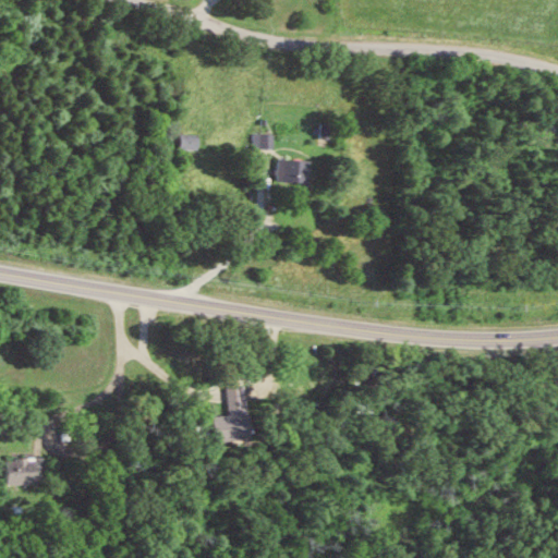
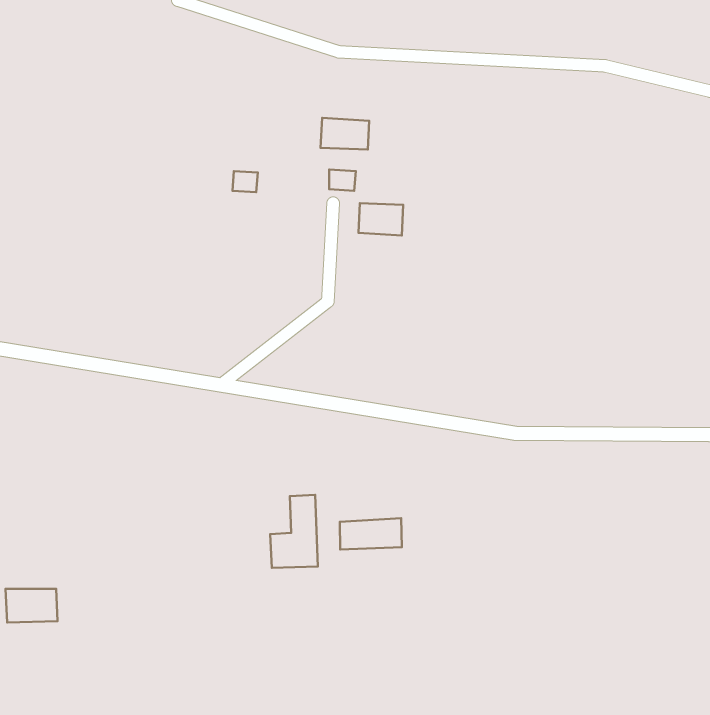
building: none -> [321,118,369,150]
building: none -> [340,518,402,550]

